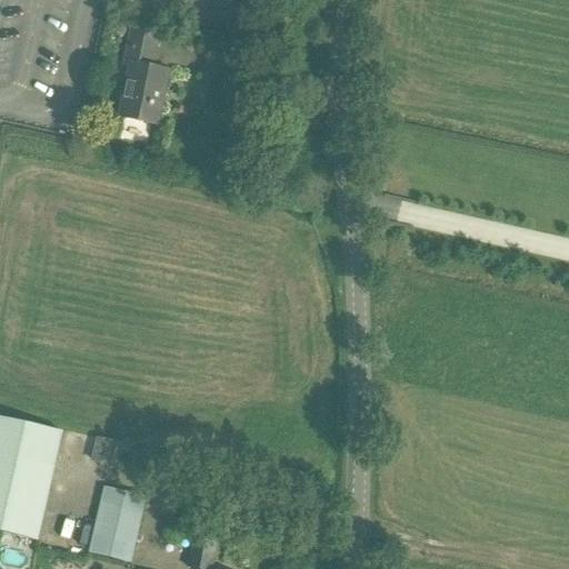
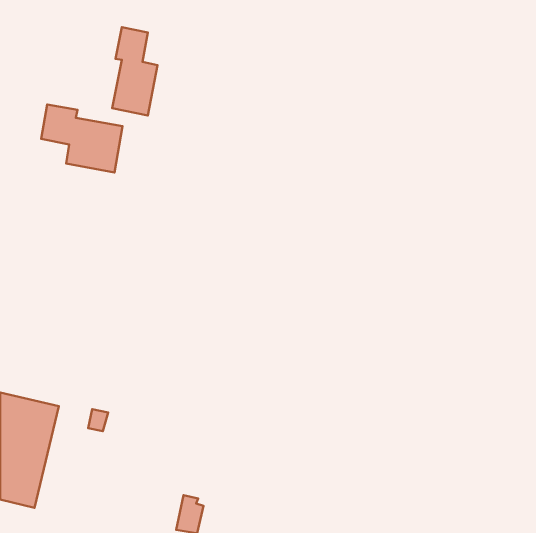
building: none -> [41,105,123,173]
building: [89,482,143,556] -> none

